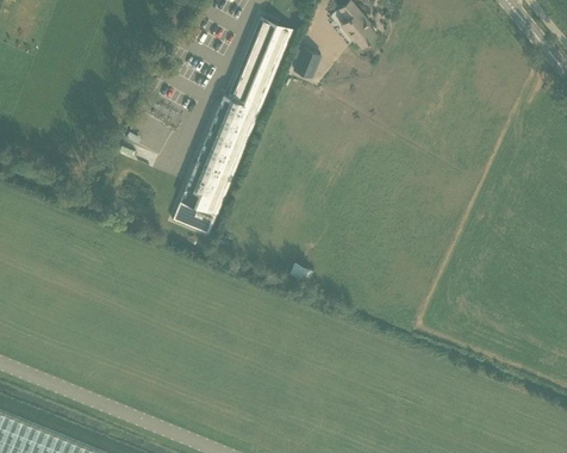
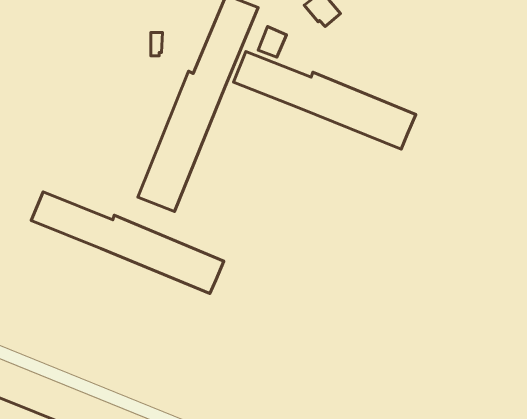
building: none -> [234,52,416,149]
building: none -> [31,192,224,294]

